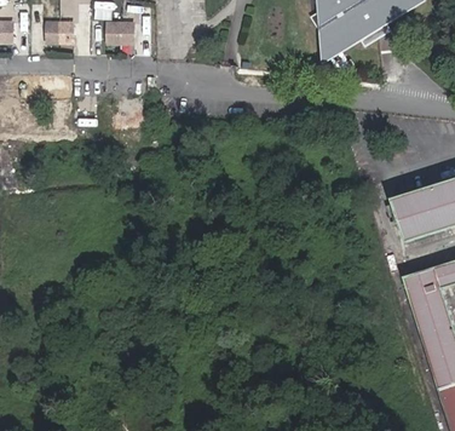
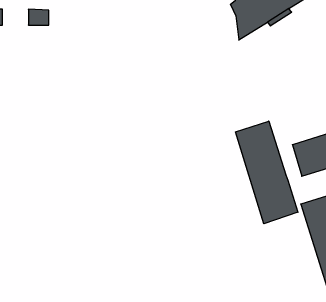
building: [106,23,133,44] -> none
building: none -> [236,121,298,224]

